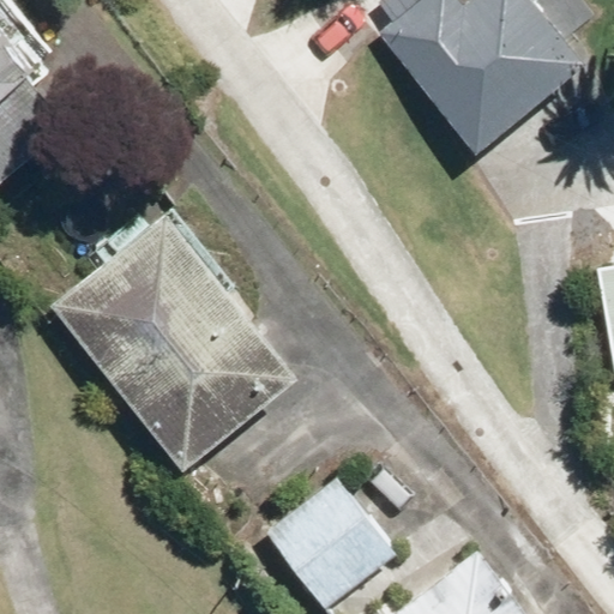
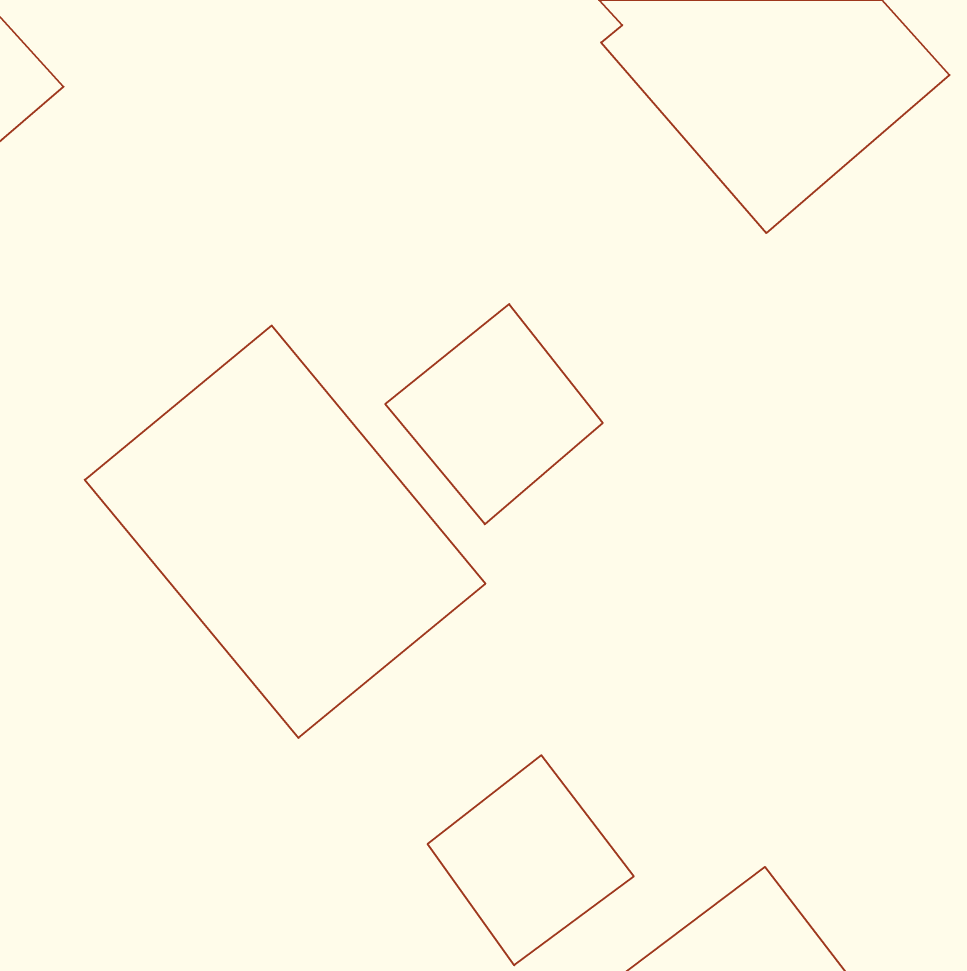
building: none -> [385,304,603,524]

